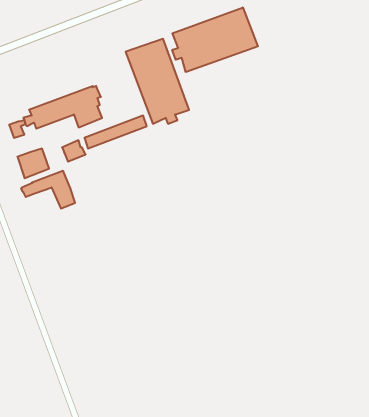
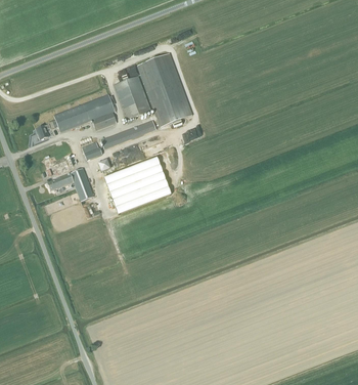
building: [172,7,258,72] -> none
building: none -> [114,76,151,120]
building: none -> [103,157,171,214]

